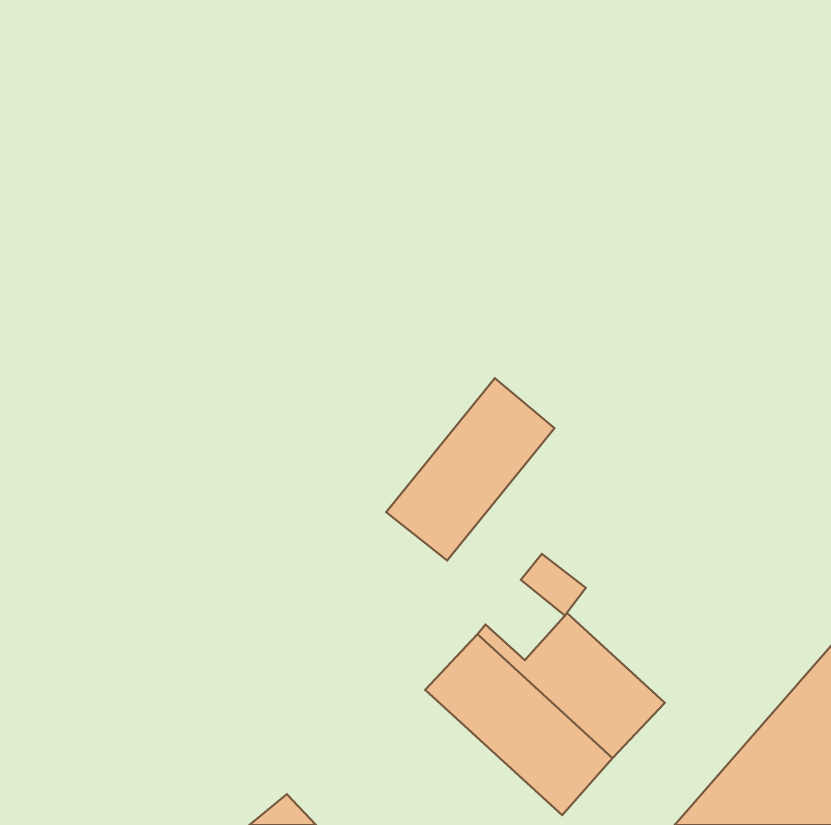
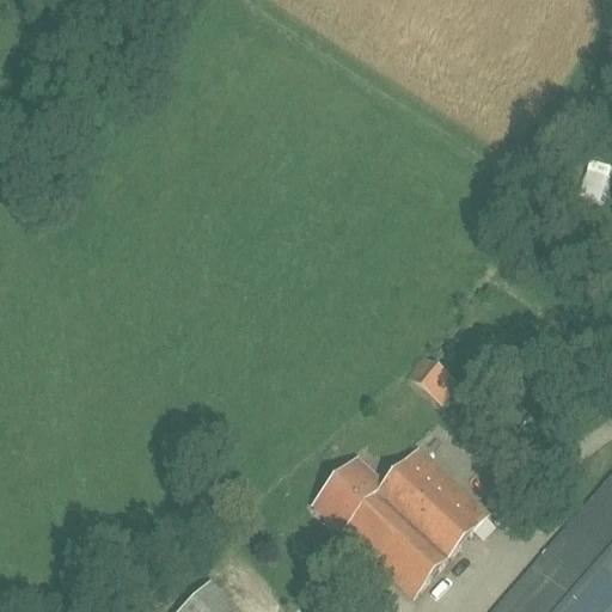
building: [386,378,554,560] -> none
building: [521,554,586,616] -> [410,357,458,403]

